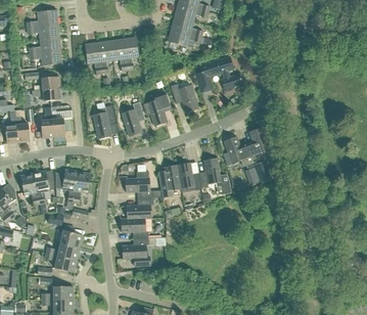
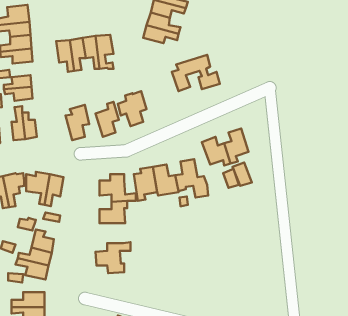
building: [171,84,197,111] -> none
building: [121,219,148,238] -> none

